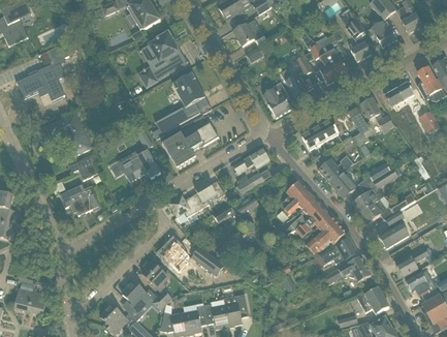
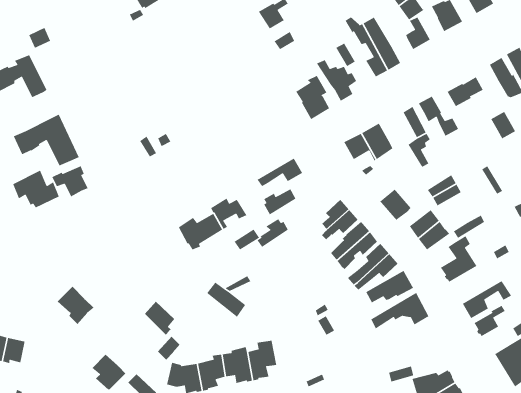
building: [139,32,178,87] -> none
building: [166,73,204,127] -> none
building: [162,122,219,168] -> none
building: [117,149,160,181] -> none
building: [318,154,353,183] -> none
building: [60,184,98,215] -> [12,170,60,208]
building: [160,240,189,268] -> none
building: [122,281,152,312] -> [57,286,94,325]
building: [356,286,389,314] -> none

